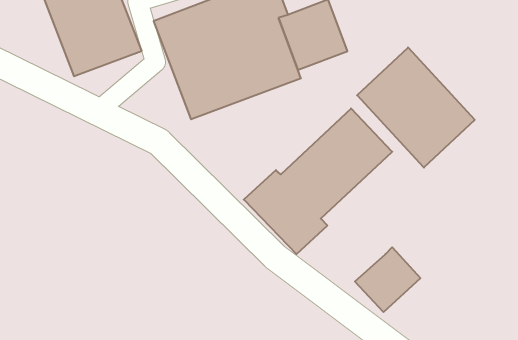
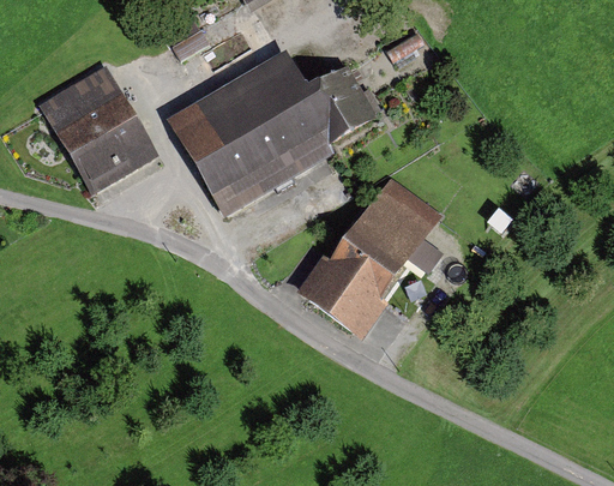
building: [357,47,475,168] -> none
building: [355,247,420,312] -> none

